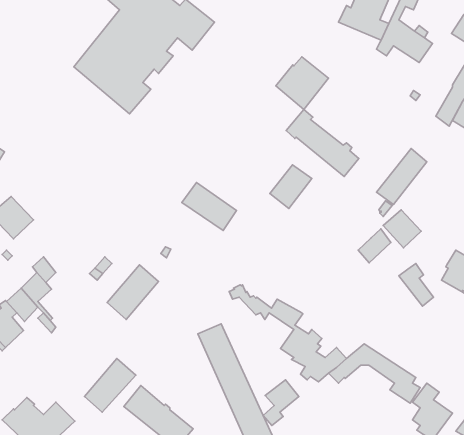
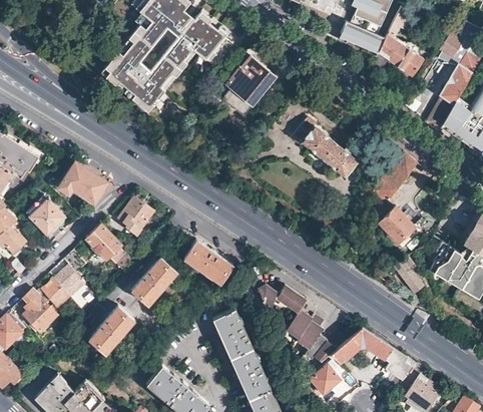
building: [276,57,329,109] -> [226,57,274,104]
building: none -> [58,161,107,203]
building: [270,165,312,209] -> none
building: [182,182,237,231] -> [183,241,232,284]
building: none -> [117,196,153,234]
building: none -> [86,224,121,260]
building: [358,229,391,263] -> none
building: [84,359,136,412] -> [89,306,135,354]
building: [263,380,299,425] -> [308,364,340,405]

